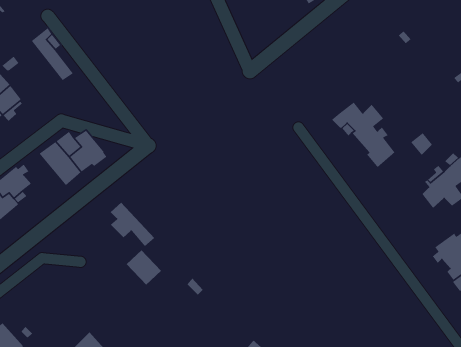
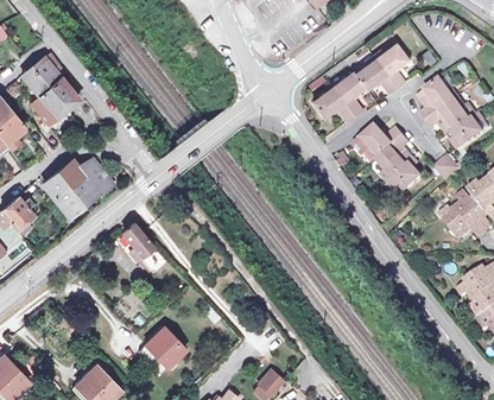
building: none -> [311,42,404,119]
building: none -> [24,61,69,120]
building: none -> [416,77,482,150]
building: [126,250,162,286] -> [144,336,182,374]

